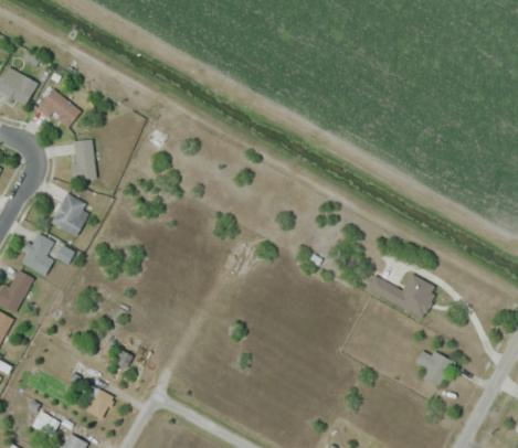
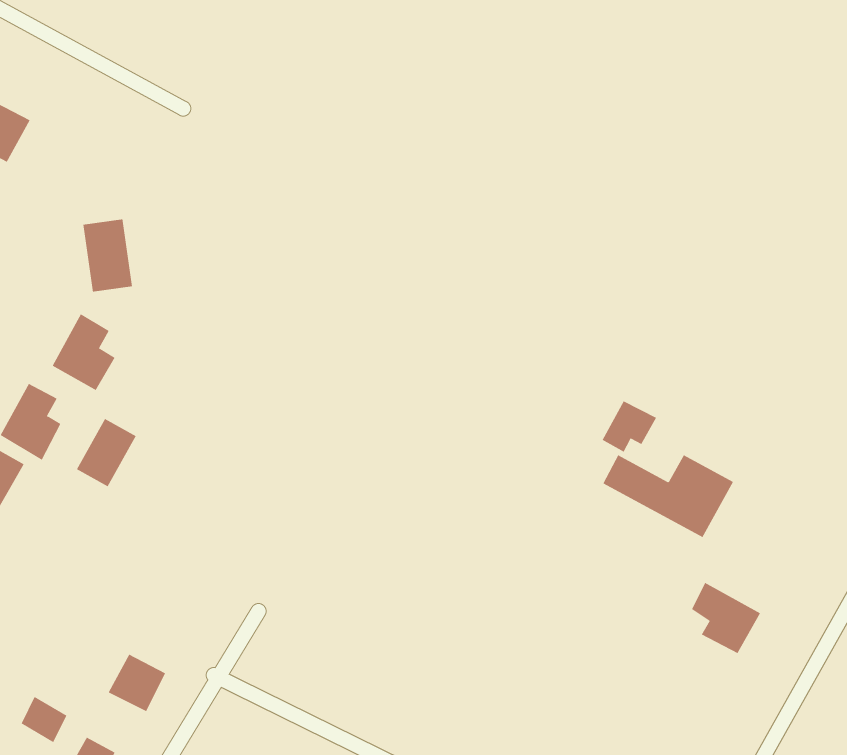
building: [36,87,82,130] -> none
building: none -> [602,400,657,452]
building: none -> [76,418,136,487]

